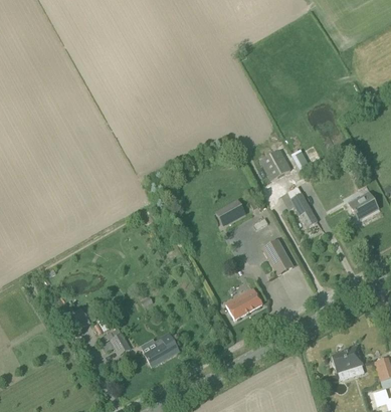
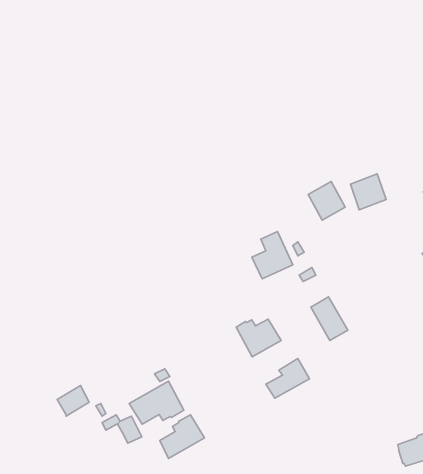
building: [284,186,317,226] -> none
building: none -> [236,319,281,357]
building: none -> [129,381,184,424]

